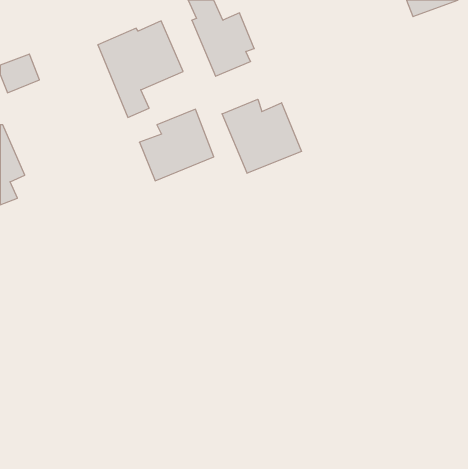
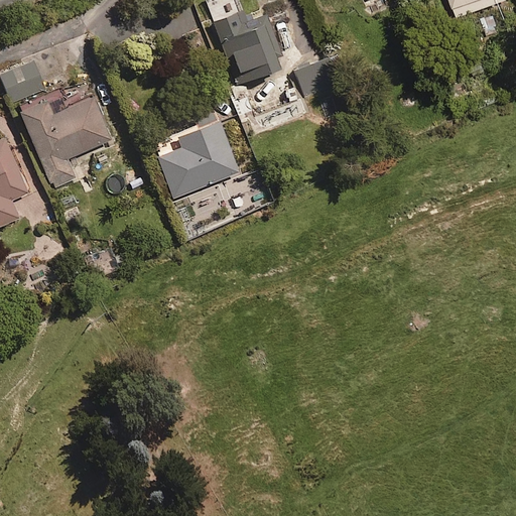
building: [98,21,183,117] -> [20,82,114,187]
building: [222,99,301,173] -> none

